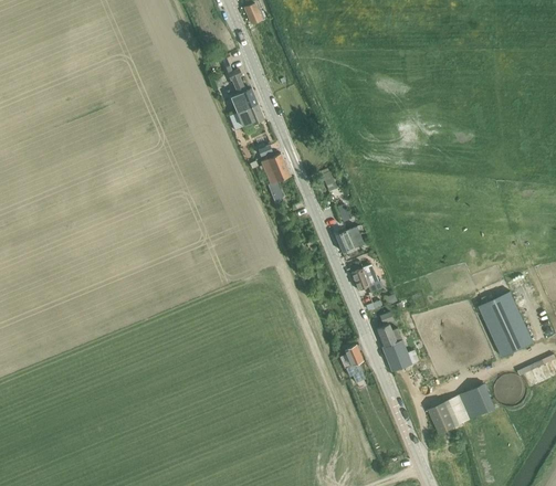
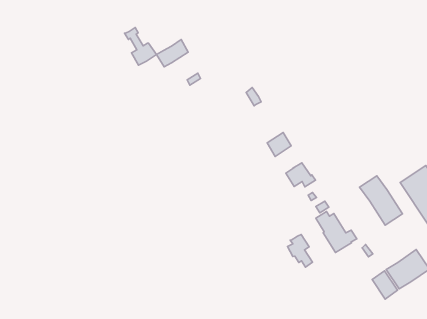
building: [225,68,258,112] -> [124,28,156,65]
building: [260,151,290,200] -> none
building: none -> [360,176,402,225]

